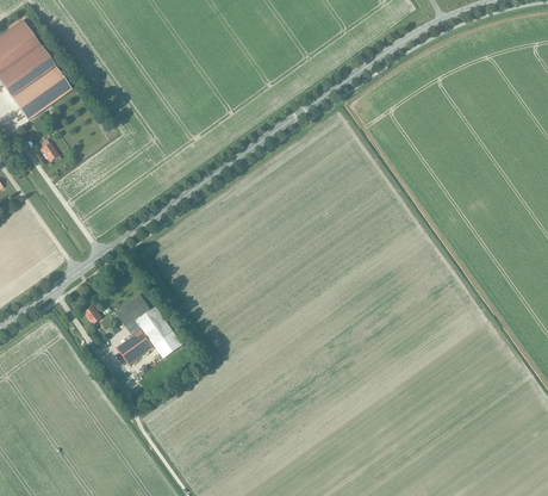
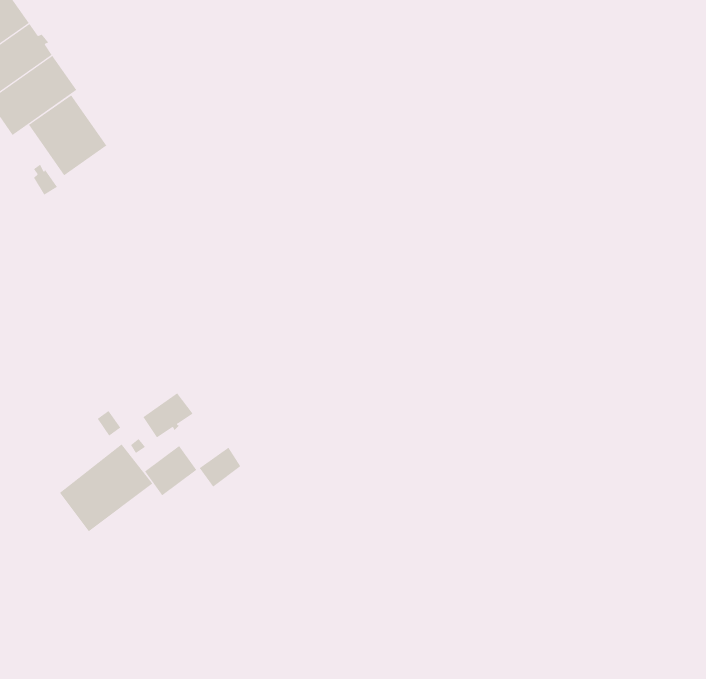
building: none -> [28,94,107,176]
building: [135,305,173,345] -> none
building: none -> [59,443,153,532]

